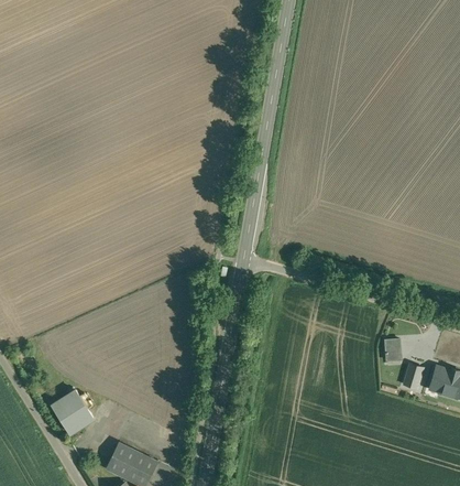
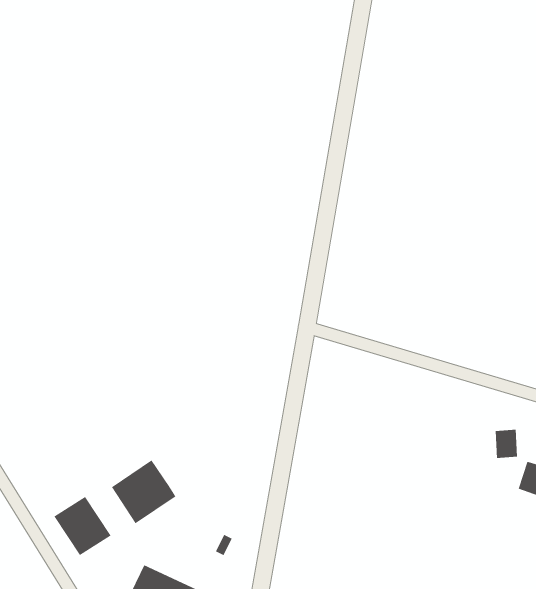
building: none -> [111,460,176,524]

